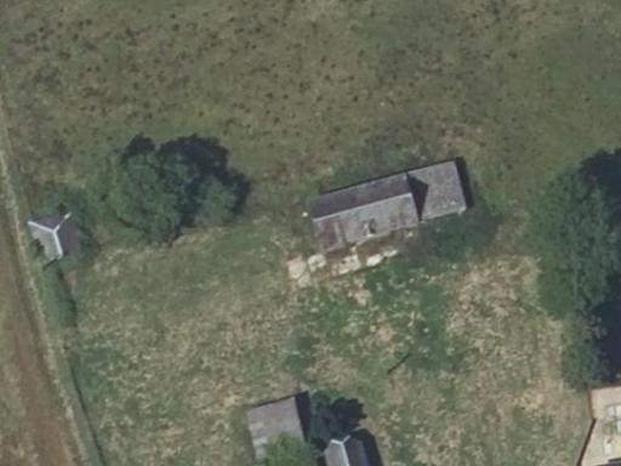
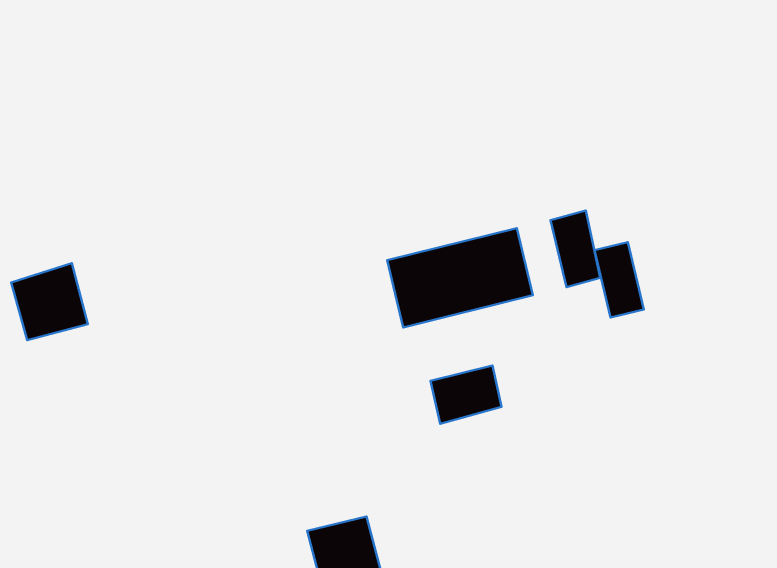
building: [405,167,443,225] -> [594,242,644,317]
building: none -> [431,365,501,424]

